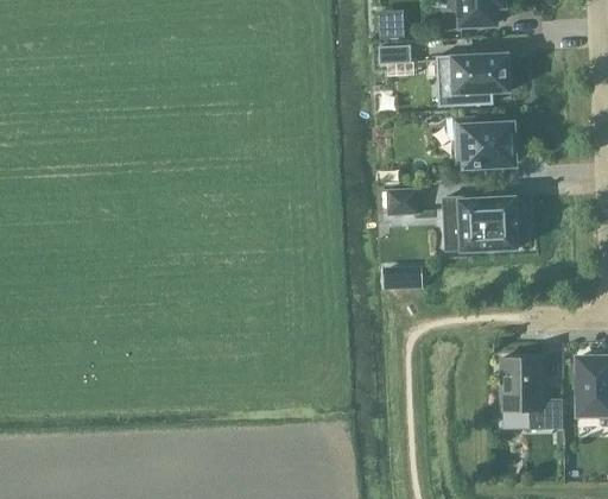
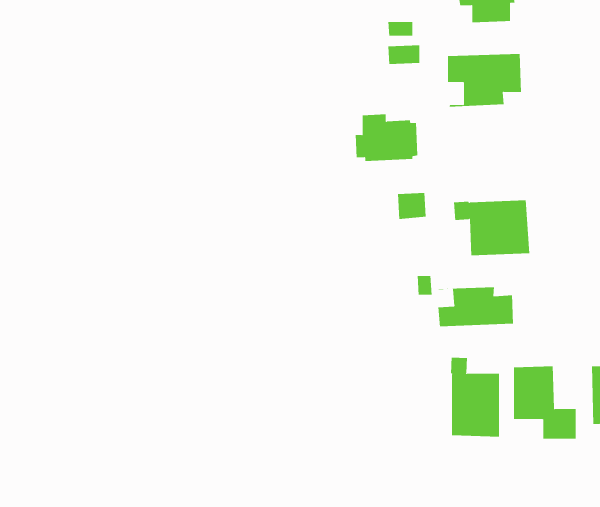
building: [455,119,517,165] -> [355,114,418,161]
building: none -> [438,286,514,327]
building: none -> [450,357,500,437]

